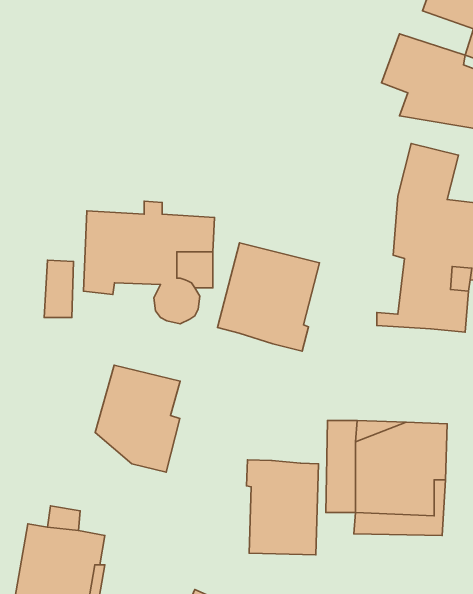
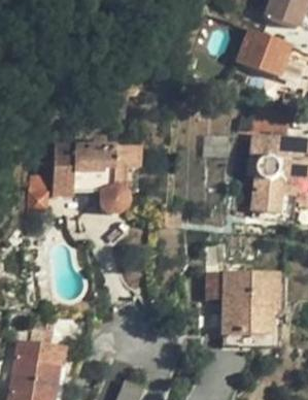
building: [218,243,320,351] -> none
building: [95,365,180,472] -> none
building: [247,460,319,555] -> none

